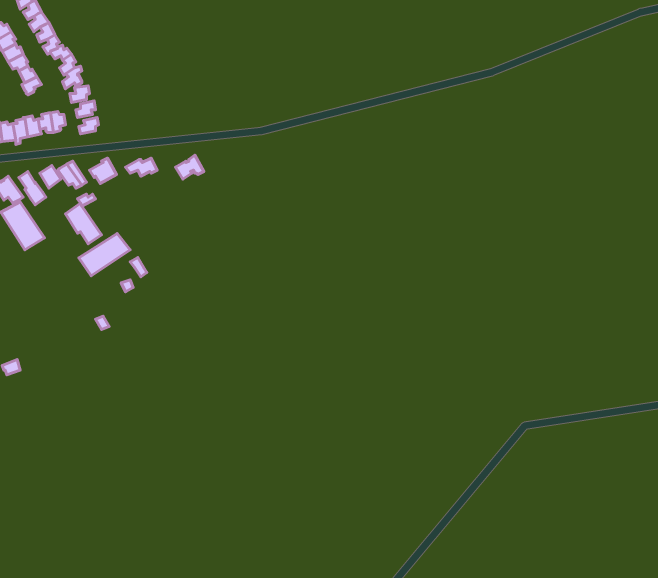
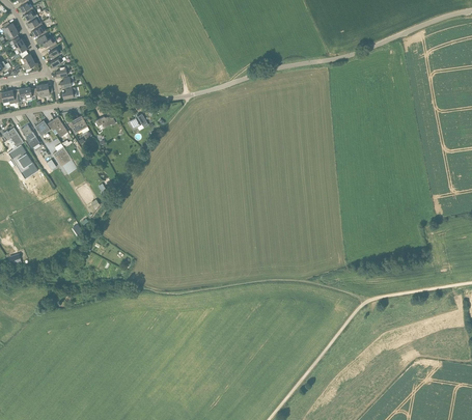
building: [79,233,130,276] -> none

